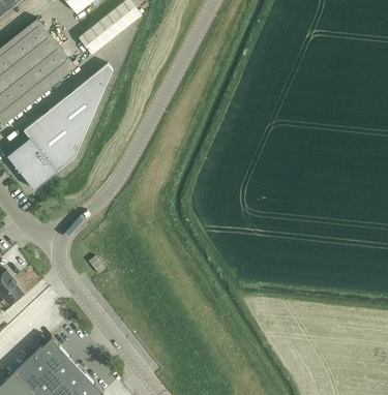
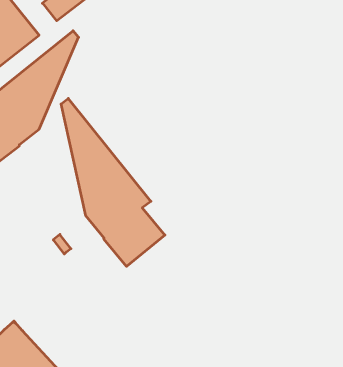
building: none -> [61,98,165,266]

